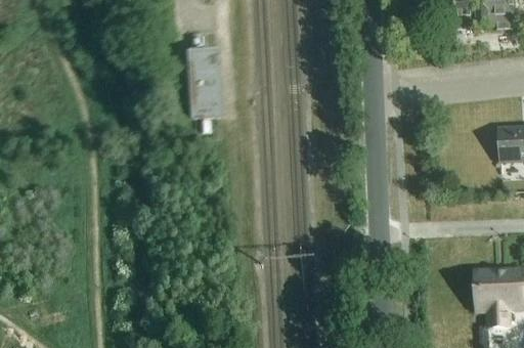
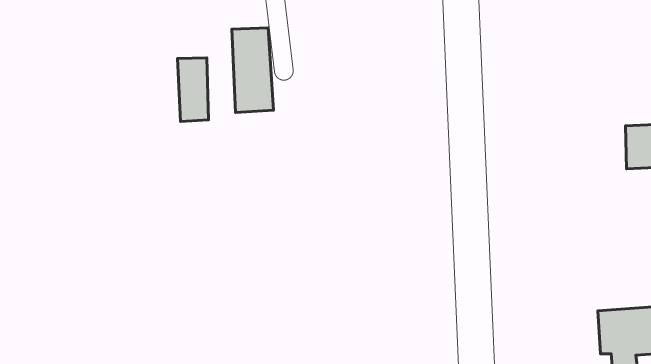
building: none -> [177,58,209,122]

